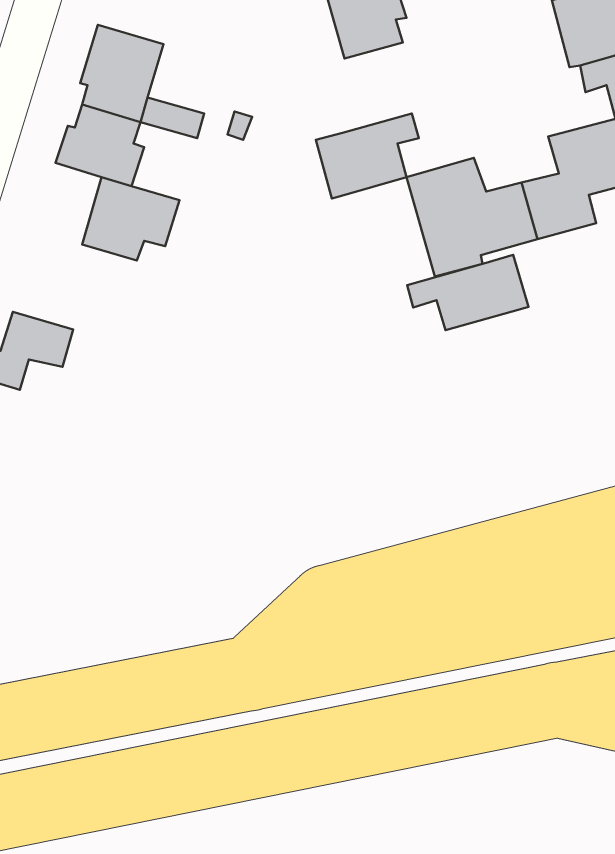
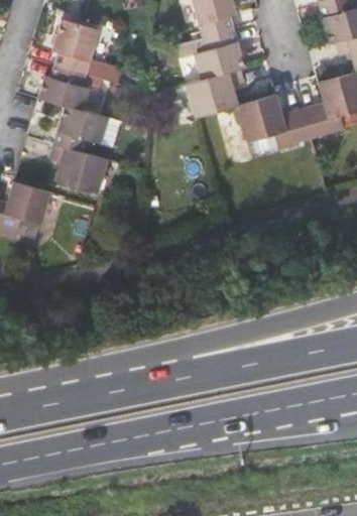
building: none -> [178,28,245,80]
building: none -> [48,143,108,194]
building: [407,255,528,330] -> none

